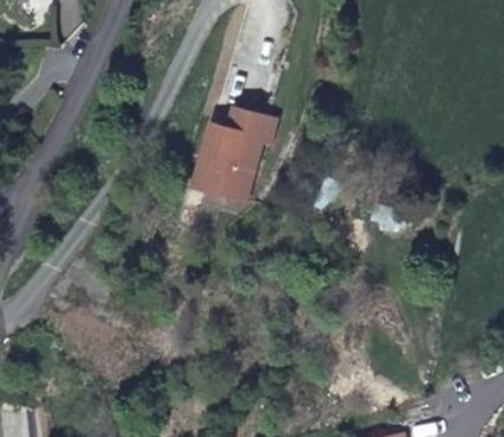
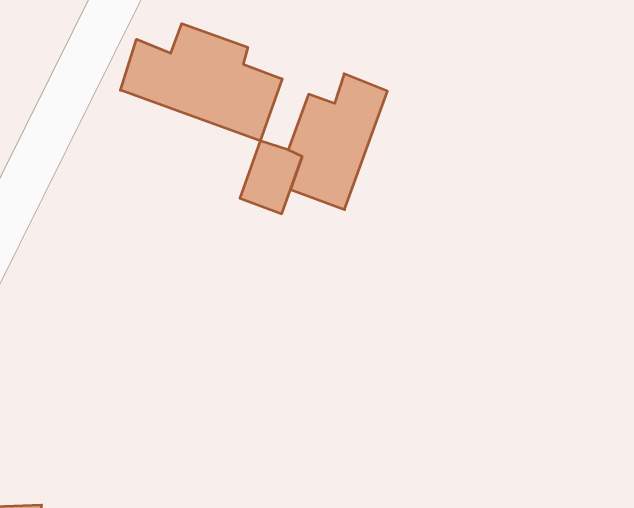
building: none -> [120,24,282,141]

